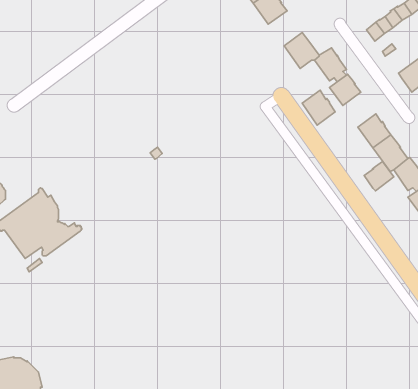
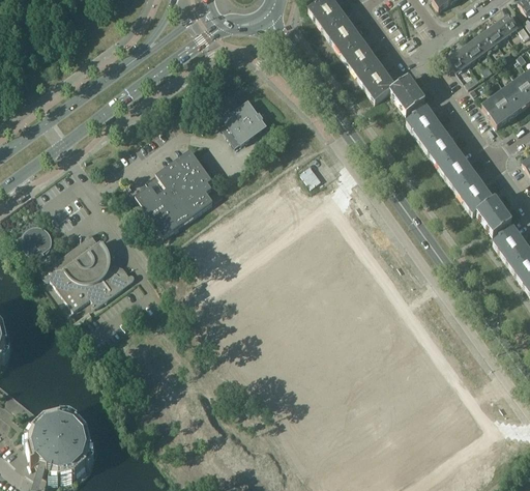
building: none -> [341,37,378,76]
building: none -> [224,99,268,145]
building: [302,90,335,125] -> [422,126,459,165]
building: none -> [137,149,214,235]
building: [364,162,394,191] -> none

